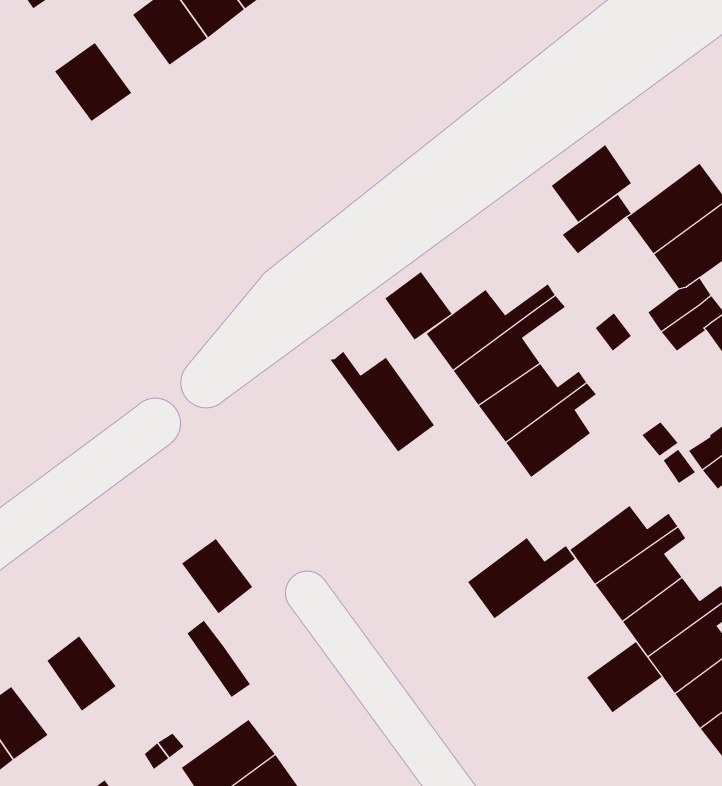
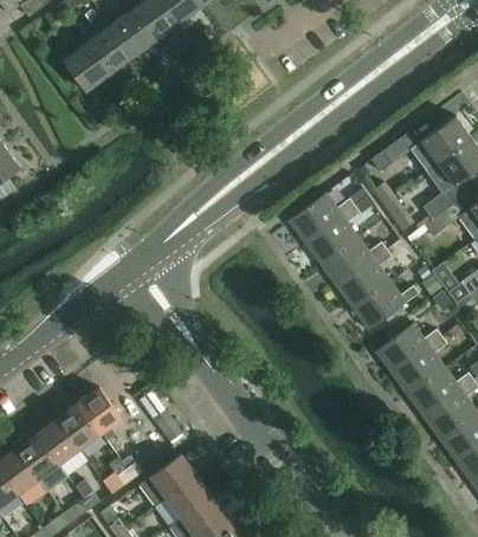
building: none -> [88,26,133,73]
building: [551,144,632,223] -> none
building: [385,271,452,341] -> none
building: [329,351,435,452] -> none
building: [467,537,576,619] -> [353,280,419,330]
building: [181,538,253,614] -> [78,388,122,434]
building: [586,641,662,713] -> none
building: none -> [37,419,79,464]

